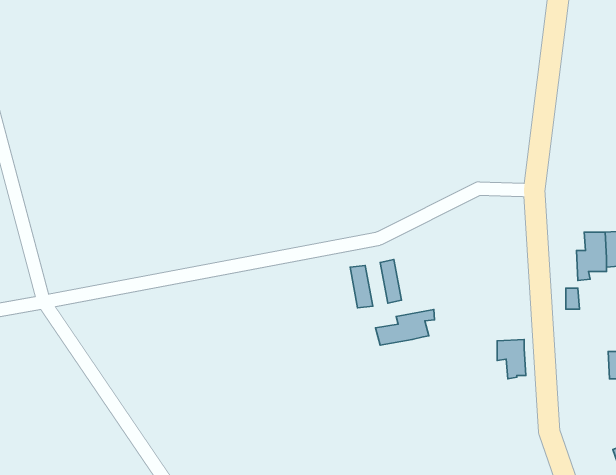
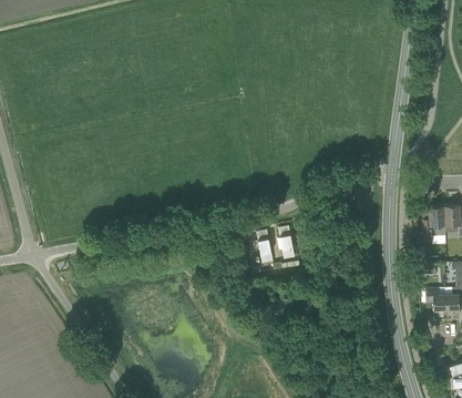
building: [376,310,434,345] -> none
building: [497,339,526,379] -> [428,287,449,316]

